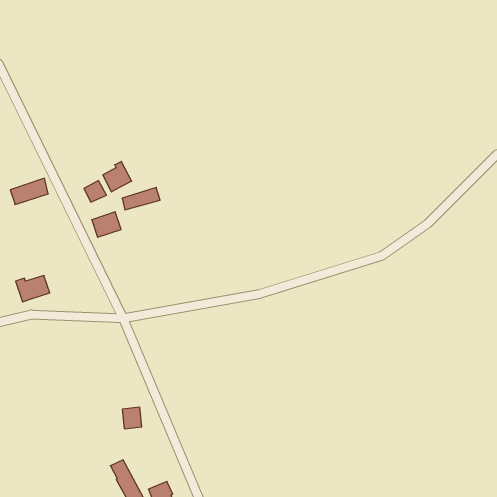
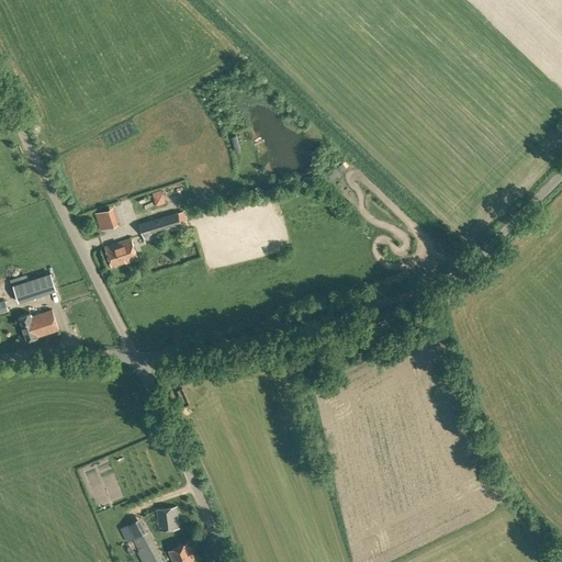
building: [103,161,132,192] -> none
building: [10,178,48,205] -> [11,274,54,304]
building: [122,407,142,429] -> [155,508,177,532]

